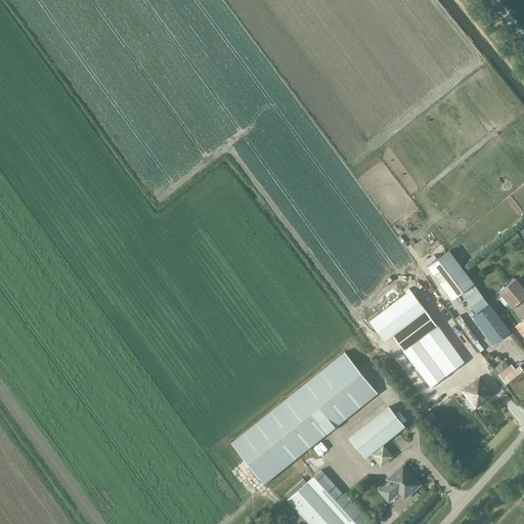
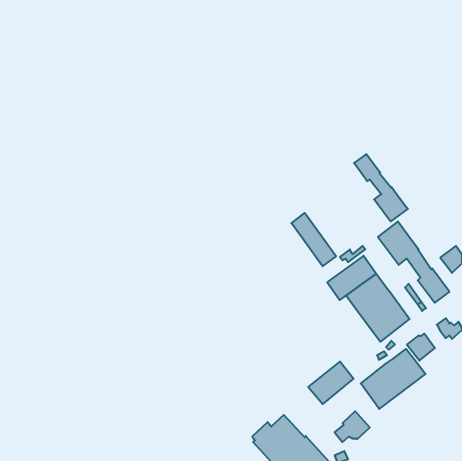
building: none -> [354,154,408,221]
building: none -> [291,213,336,266]
building: [230,352,377,485] -> none
building: none -> [361,349,426,409]

